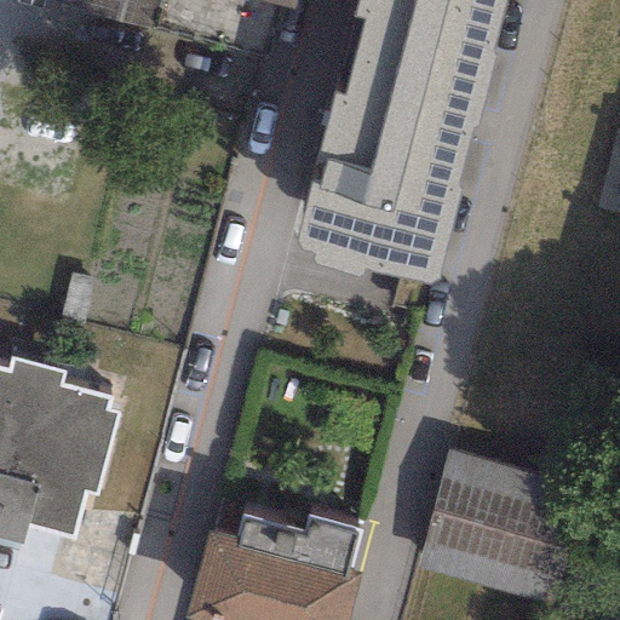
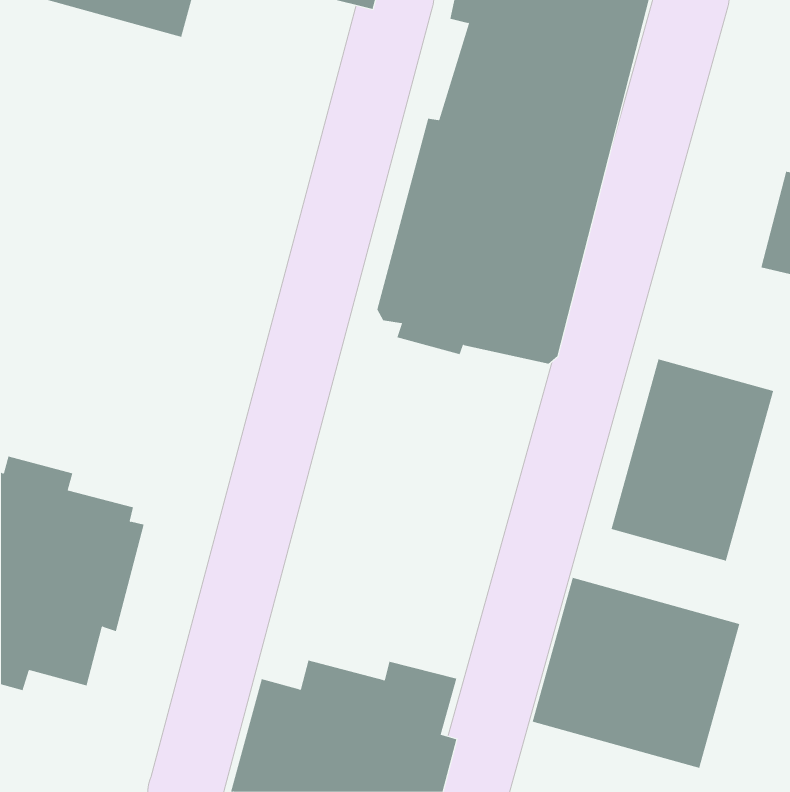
building: none -> [611,359,774,561]

